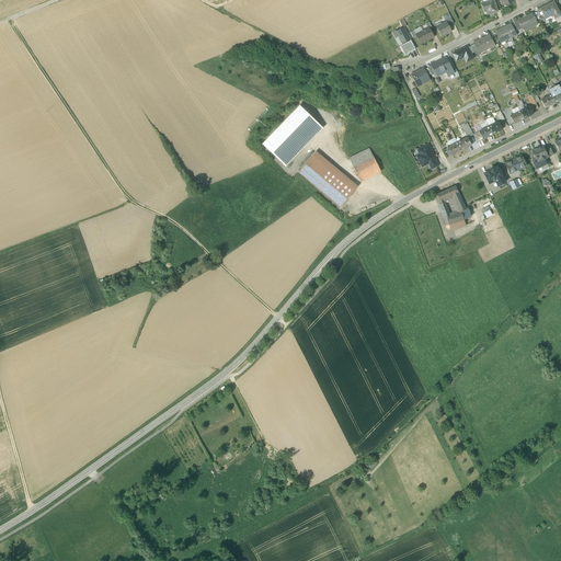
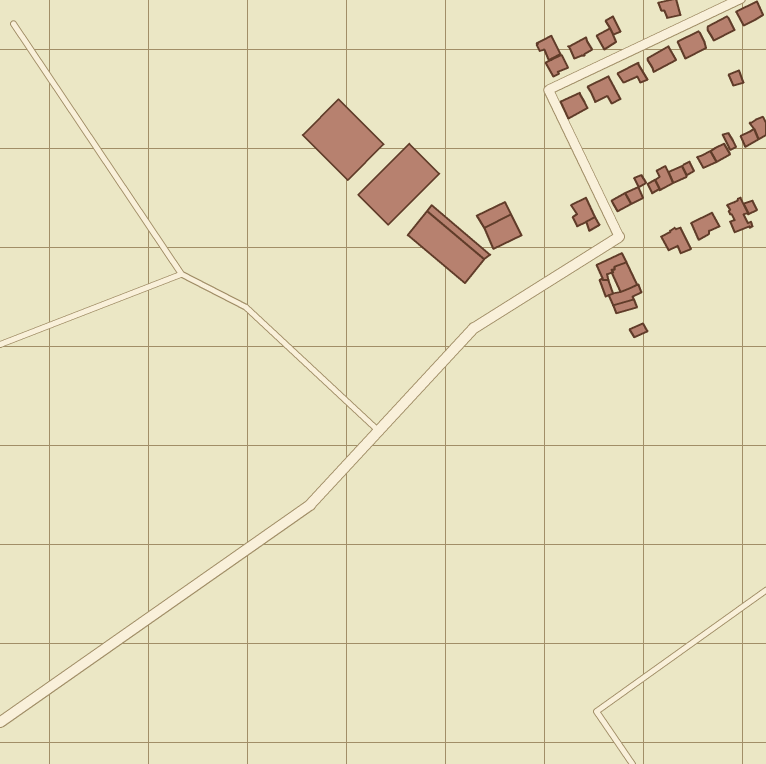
building: none -> [303,99,384,180]

